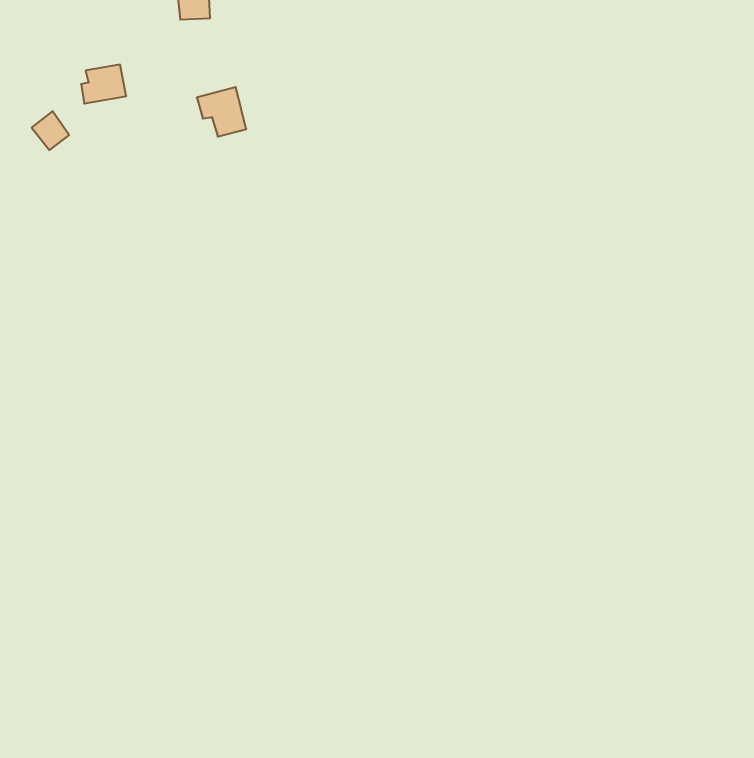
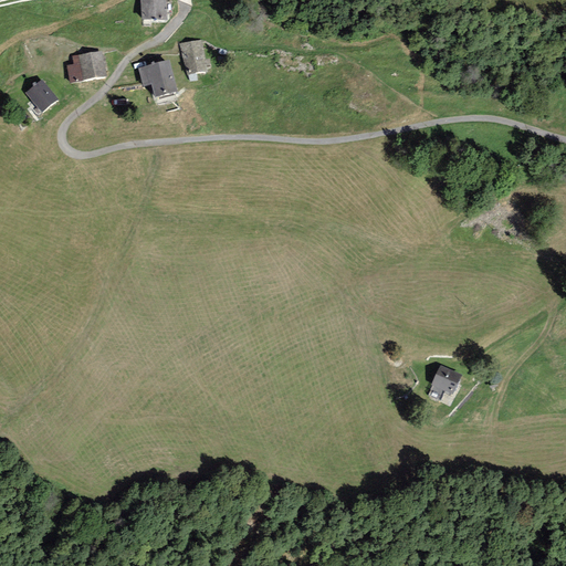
building: none -> [188,41,211,74]
building: none -> [430,366,460,396]

